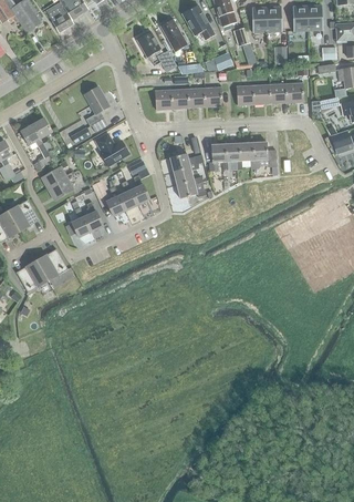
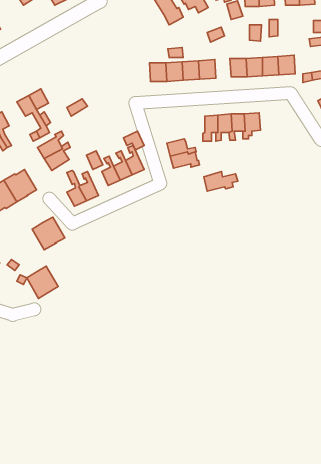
building: [137,31,177,71] -> none
building: [84,85,110,125] -> none
building: [94,132,131,166] -> none
building: [169,152,204,172] -> [204,172,238,191]
building: [15,259,48,293] -> [27,266,58,299]

